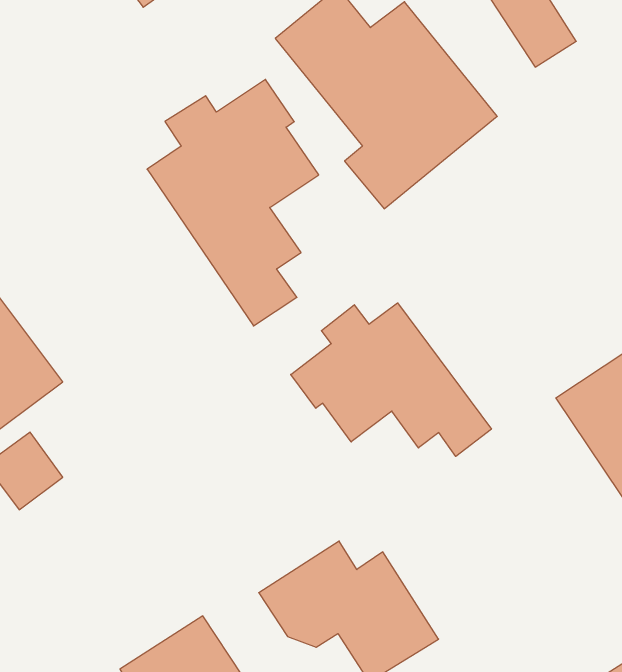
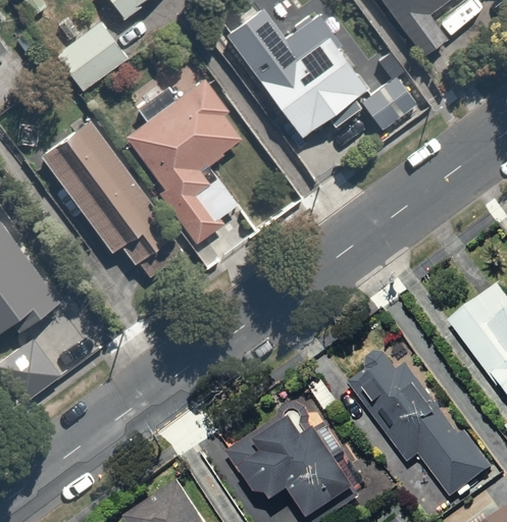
building: none -> [62,19,131,85]
building: none -> [35,115,189,279]
building: [291,303,491,456] -> none
building: none -> [338,355,475,493]

